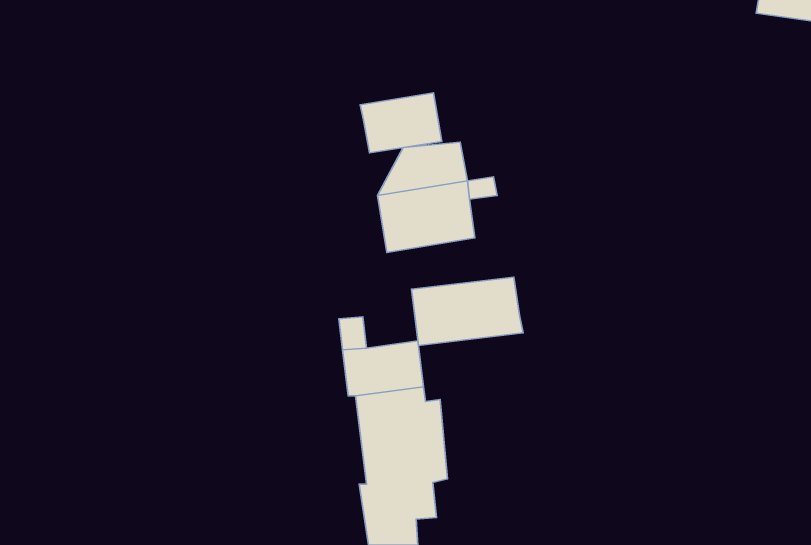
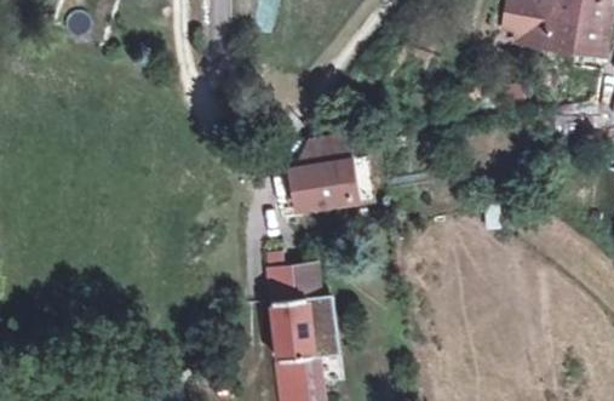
building: [360,93,442,153] -> none
building: [412,277,523,346] -> none

